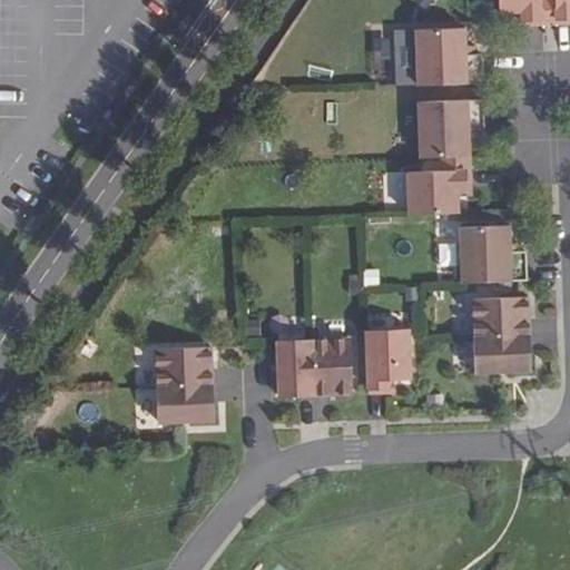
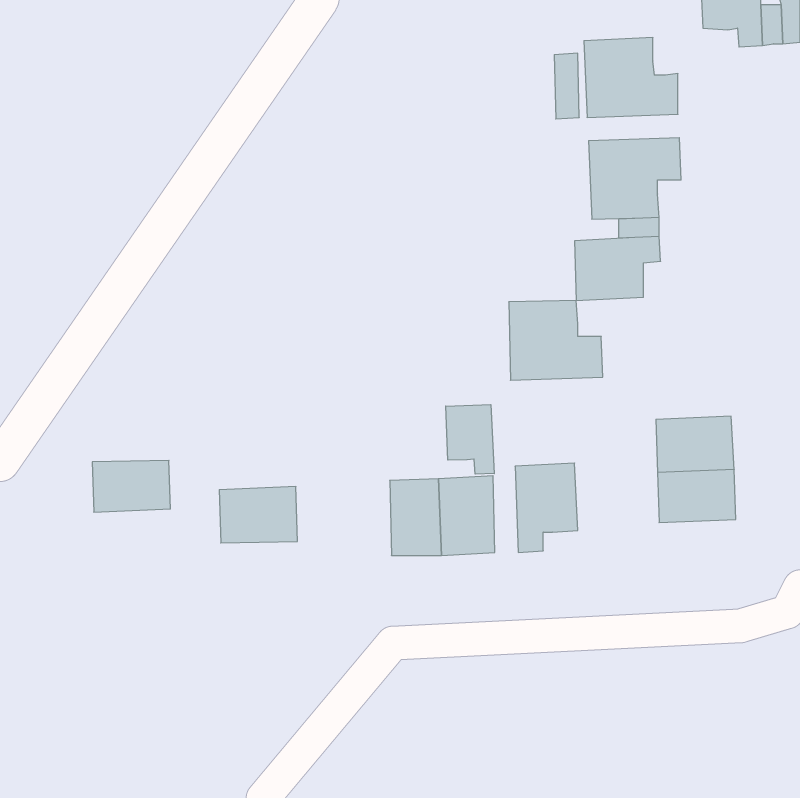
building: [454,225,521,282] -> [509,300,603,380]
building: none -> [446,405,494,474]
building: [157,385,213,422] -> [92,460,170,512]

